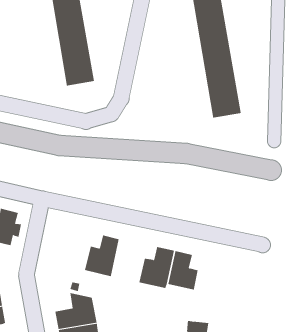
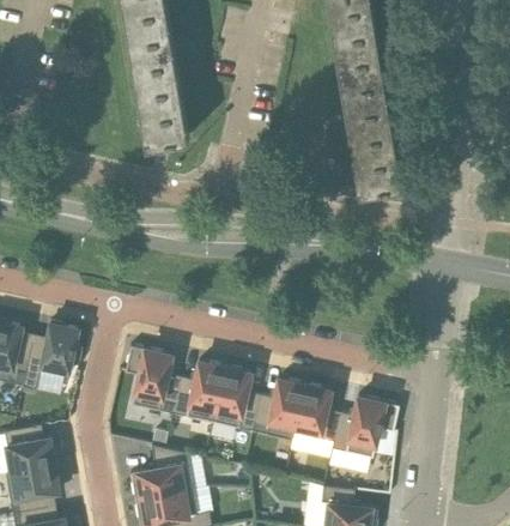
building: none -> [125,345,181,412]
building: none -> [212,367,260,430]
building: none -> [330,395,399,458]

